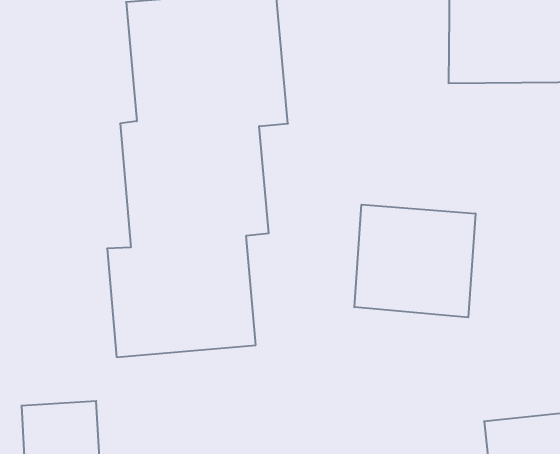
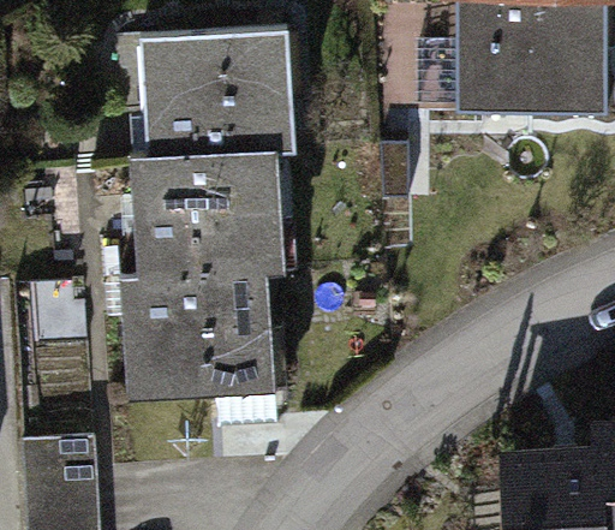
building: [354,205,475,317] -> none

